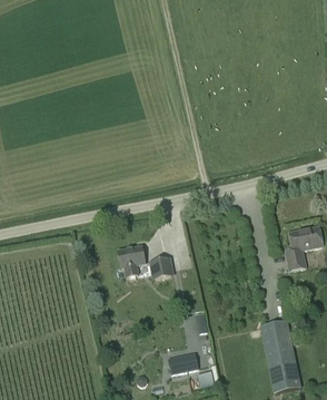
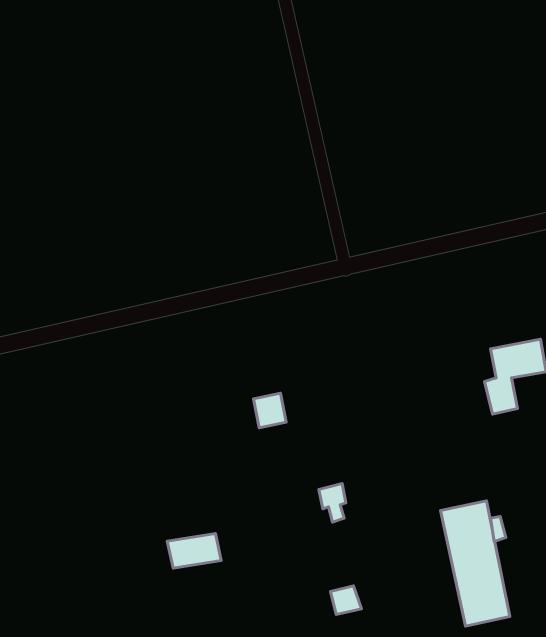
building: [118,246,145,279] -> none
building: [167,353,198,373] -> [167,534,221,568]

